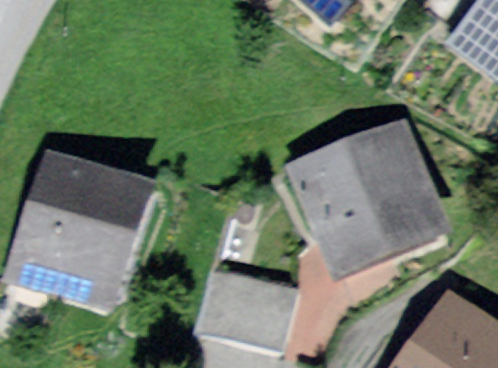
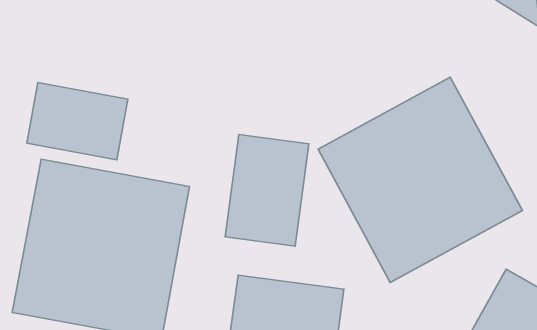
building: none -> [27,83,128,160]
building: none -> [225,135,309,246]

